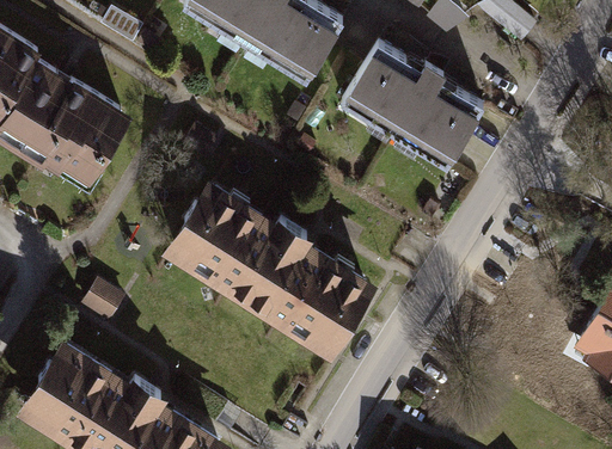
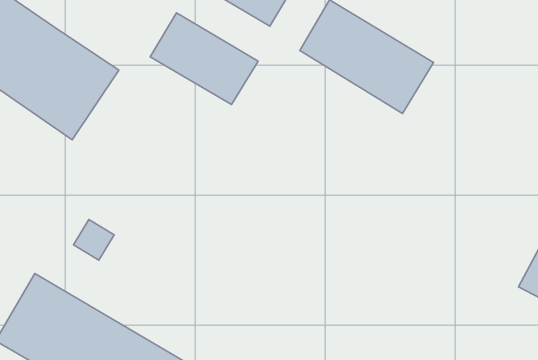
building: none -> [150,13,258,105]
building: [163,183,374,358] -> none

